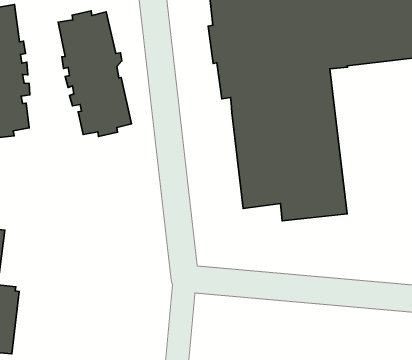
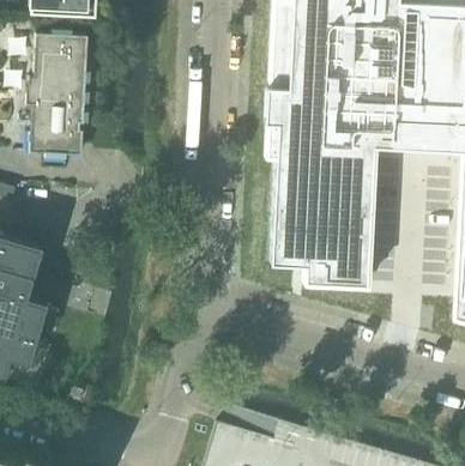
building: [58,11,131,137] -> none

